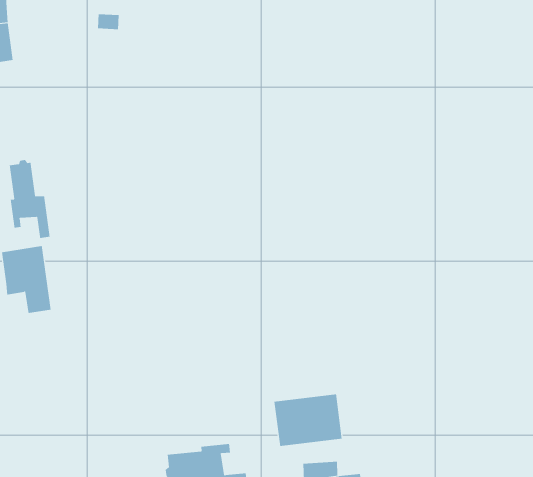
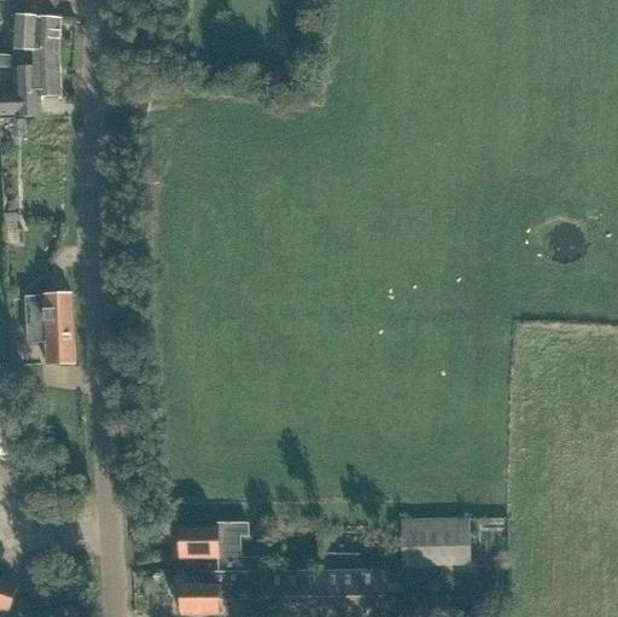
building: [9,159,50,239] -> none
building: [274,394,343,447] -> [400,517,468,566]

